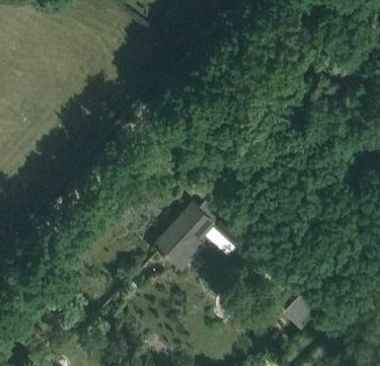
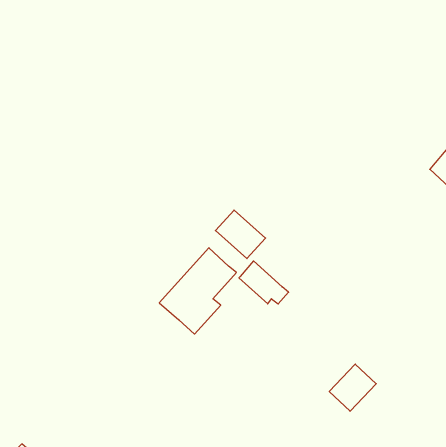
building: none -> [215,210,266,259]

